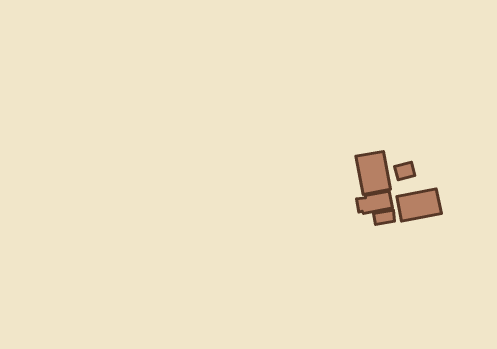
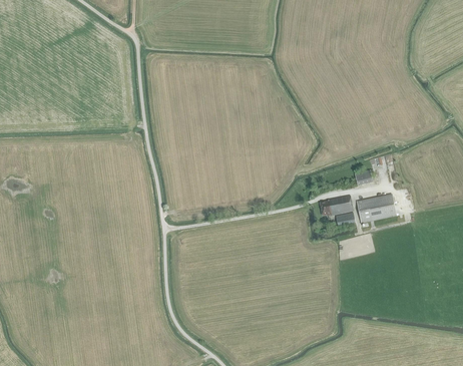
building: [356,152,390,195] -> none

